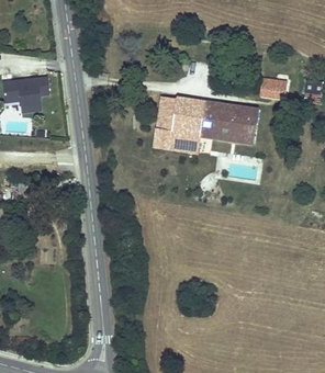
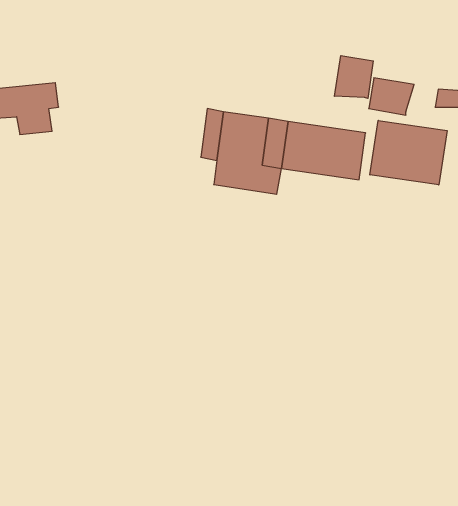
building: none -> [334,56,373,98]
building: none -> [370,120,447,185]

